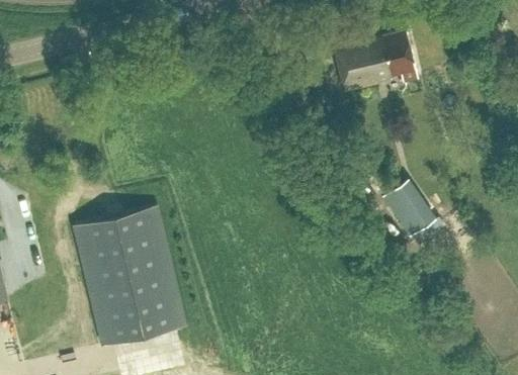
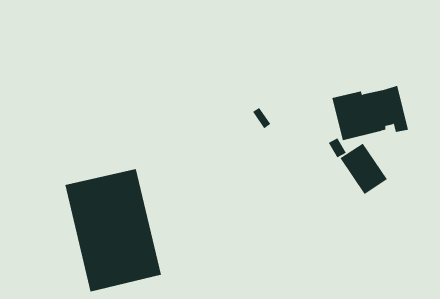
building: [332,32,418,94] -> [331,85,409,141]

